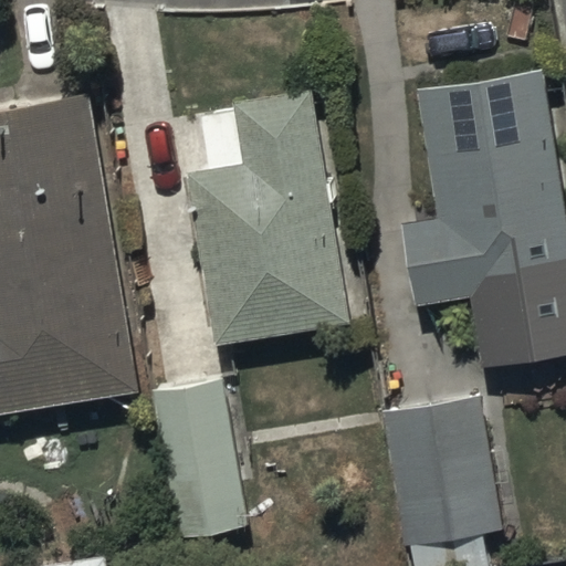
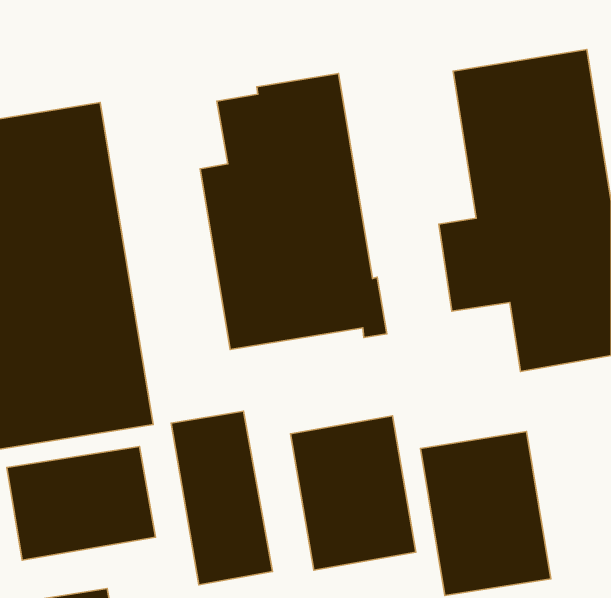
building: none -> [291,416,416,570]
building: none -> [7,446,156,560]

